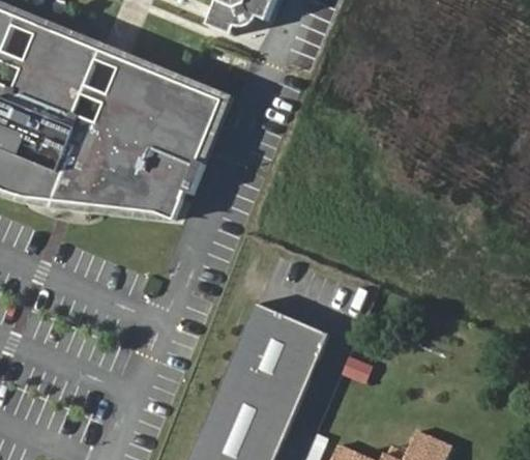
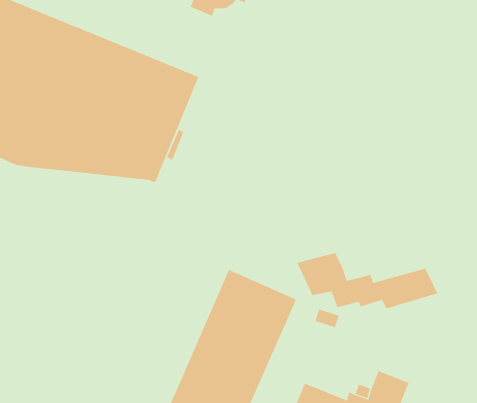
building: none -> [297,252,438,309]

